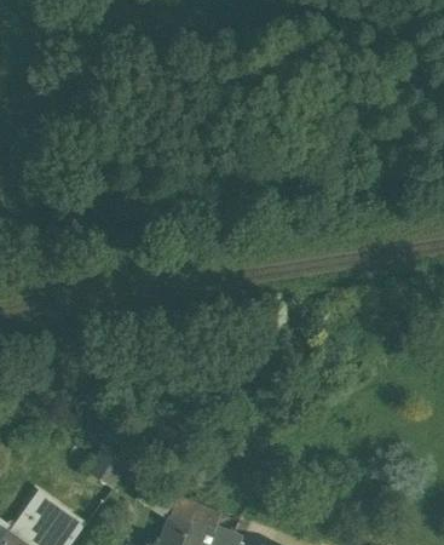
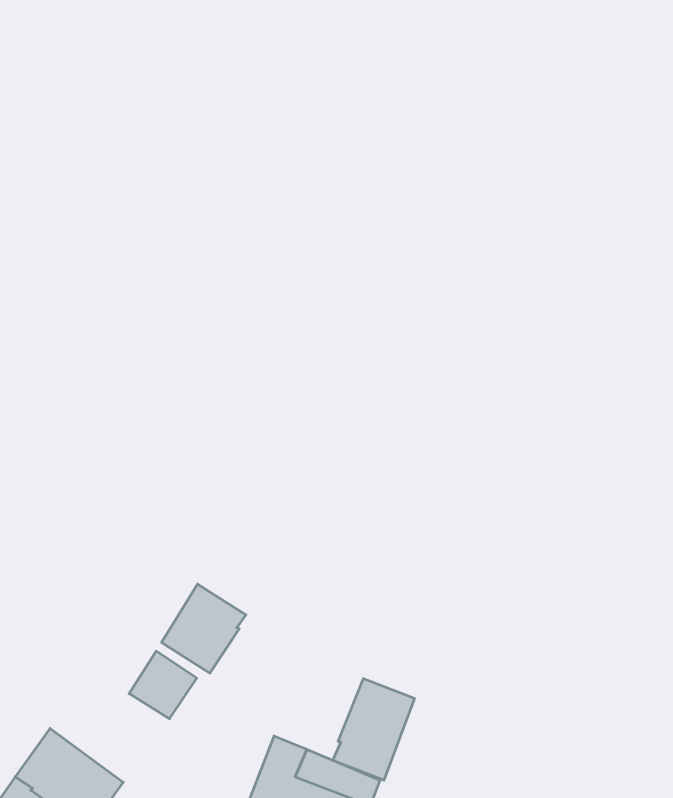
building: none -> [162,584,246,673]
building: none -> [333,679,414,780]

